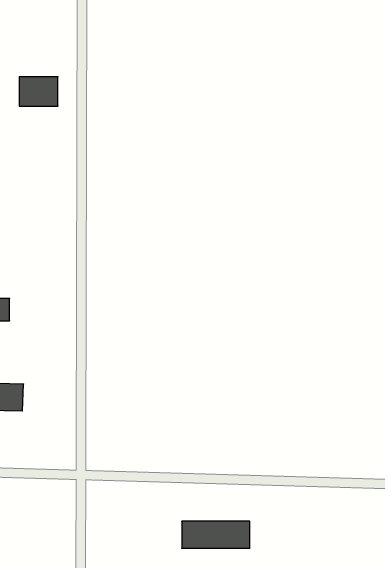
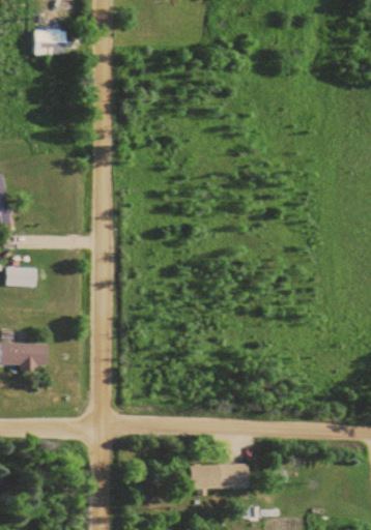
building: [19,77,58,106] -> [32,30,66,56]

